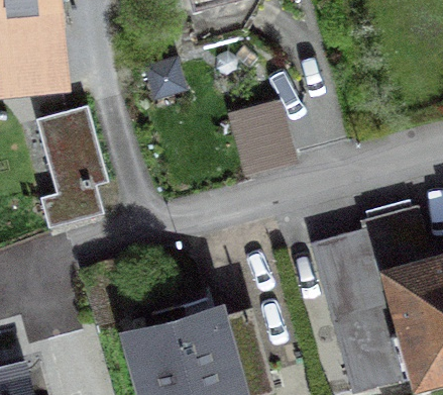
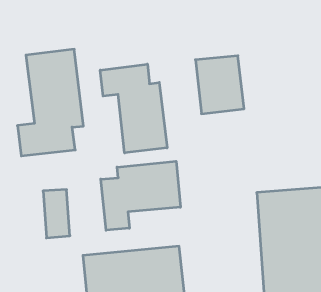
building: none -> [100,64,167,153]
building: none -> [101,161,180,230]

